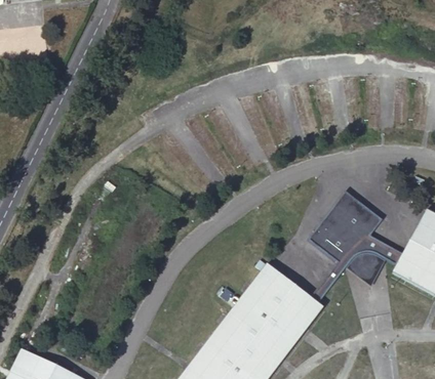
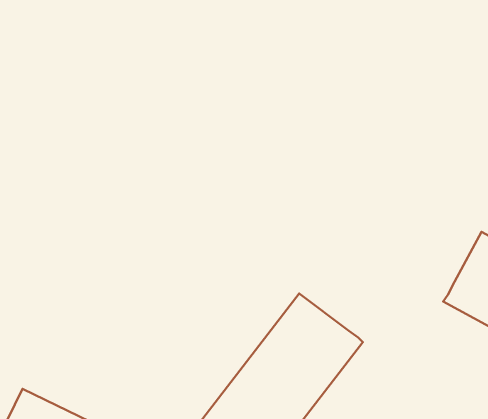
building: [308,192,403,303] -> none

